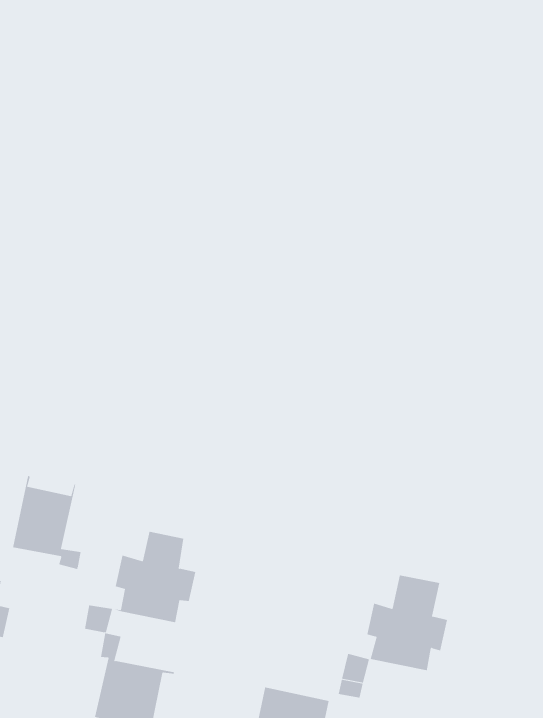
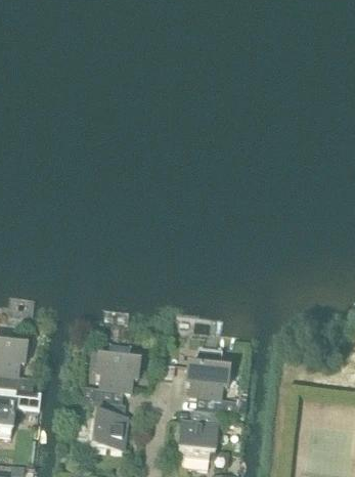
building: [13,475,81,570] -> none
building: [367,575,448,671] -> [186,346,229,396]

